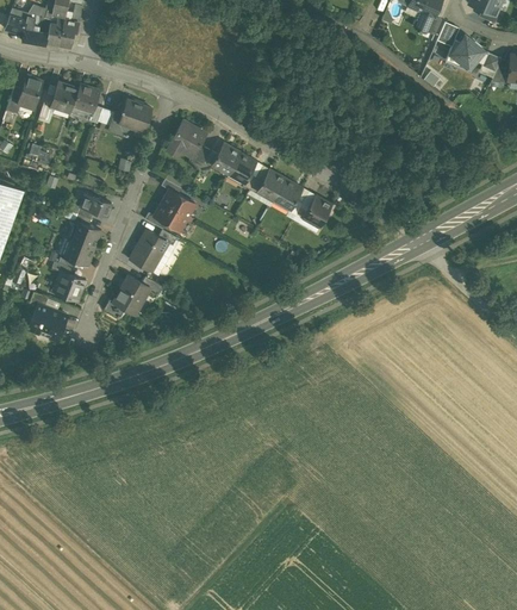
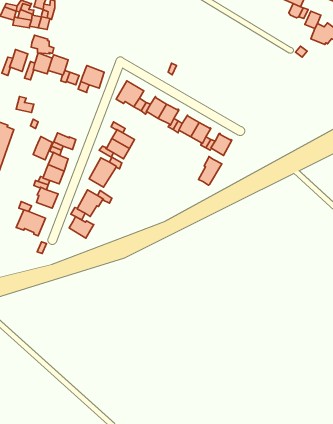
building: none -> [31,35,54,54]
building: none -> [33,137,52,160]
building: none -> [198,157,222,185]
building: none -> [69,217,94,238]

